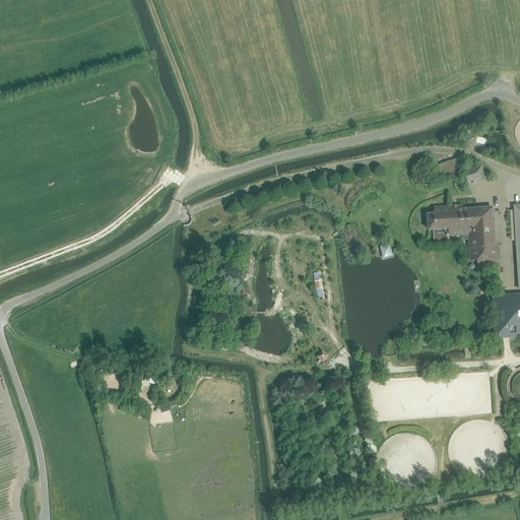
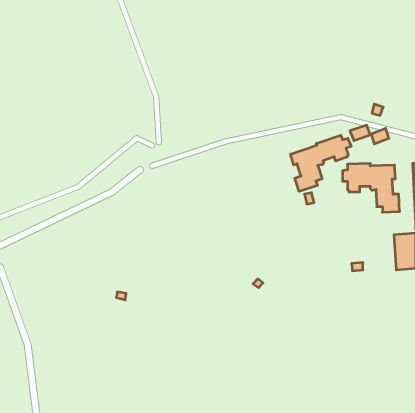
building: none -> [291,135,351,191]

